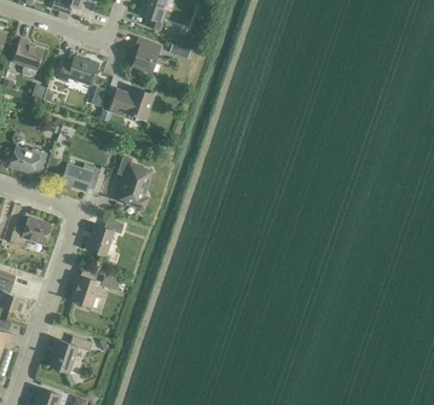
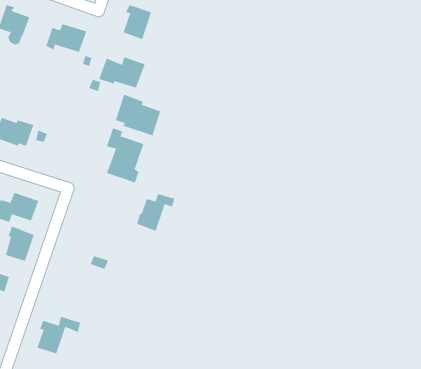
building: none -> [115,94,161,136]
building: [60,162,100,191] -> none
building: [86,219,123,255] -> [136,193,175,231]
building: [71,272,99,306] -> [5,226,34,261]

